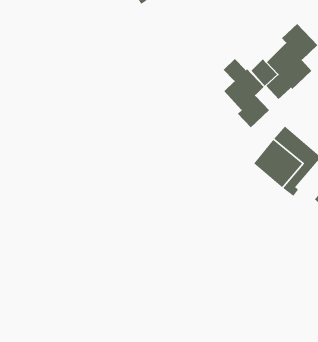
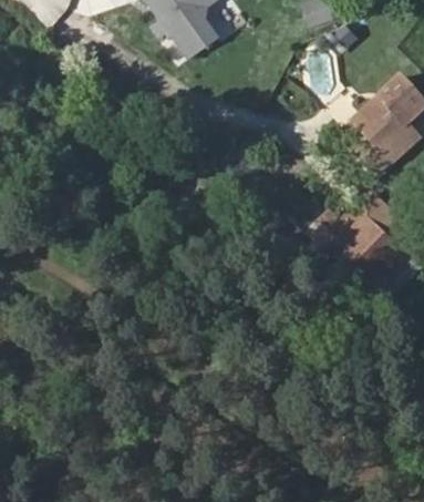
building: [223,58,270,128] -> none

